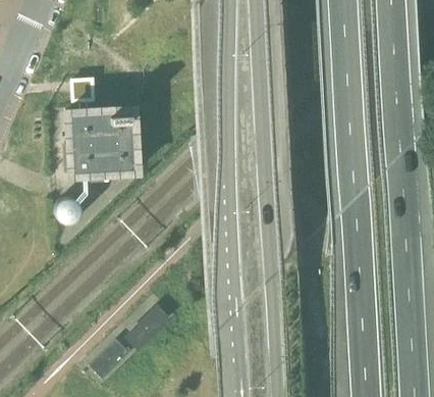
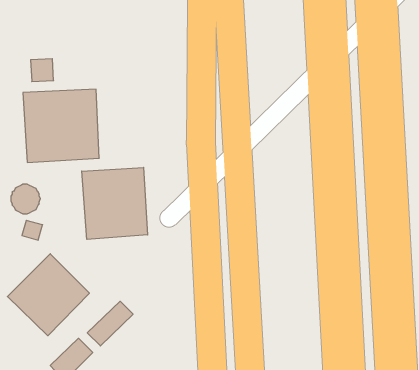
building: none -> [82,167,148,239]
building: none -> [7,254,89,336]

